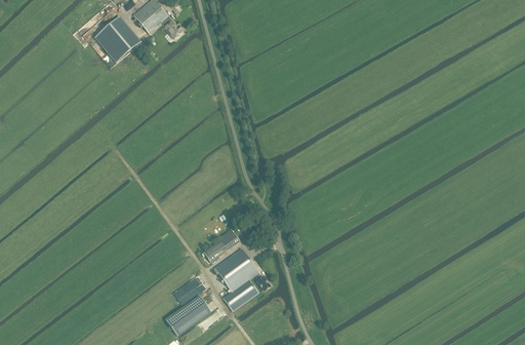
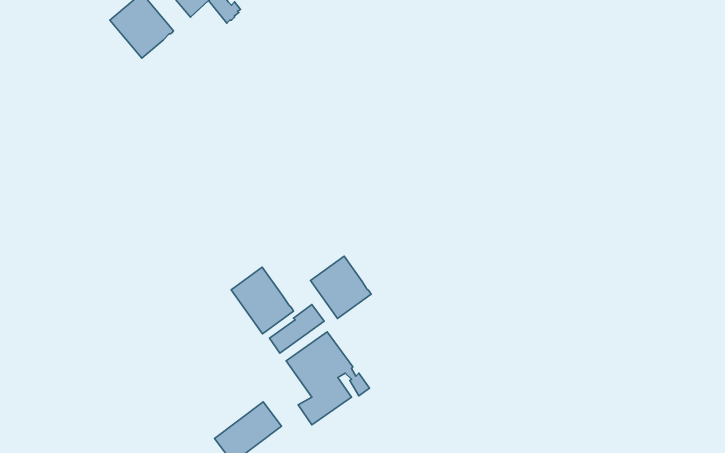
building: none -> [311,256,371,318]
building: none -> [231,267,294,334]

